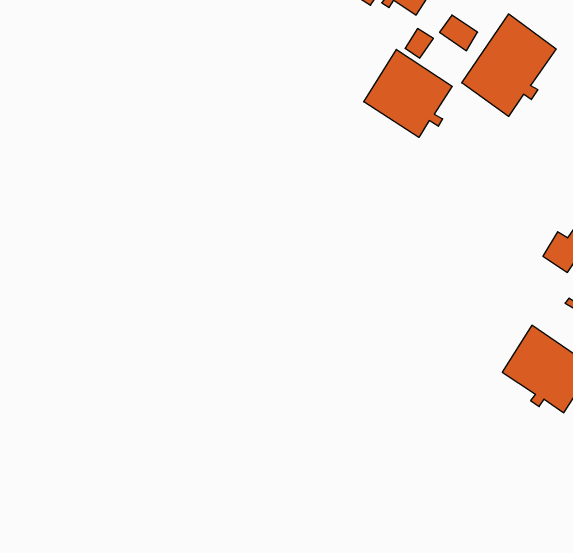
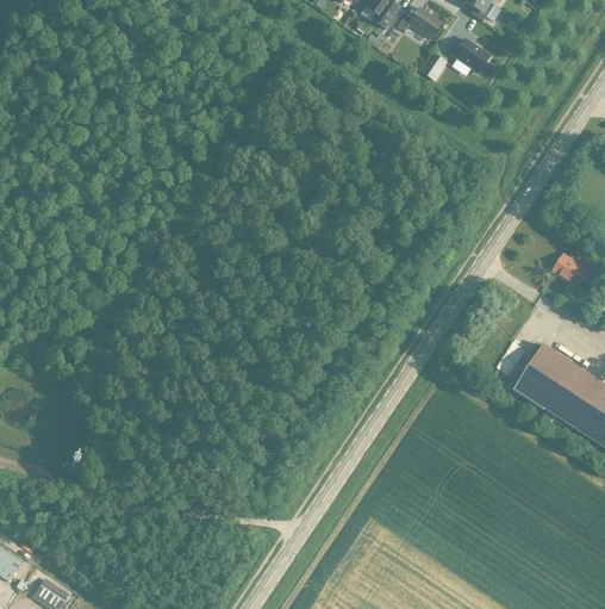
building: [462,14,556,116] -> none
building: [364,49,452,137] -> none

